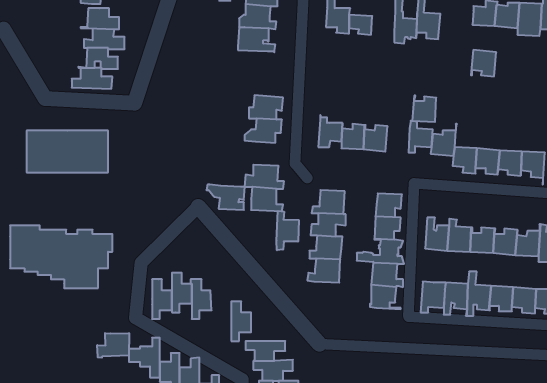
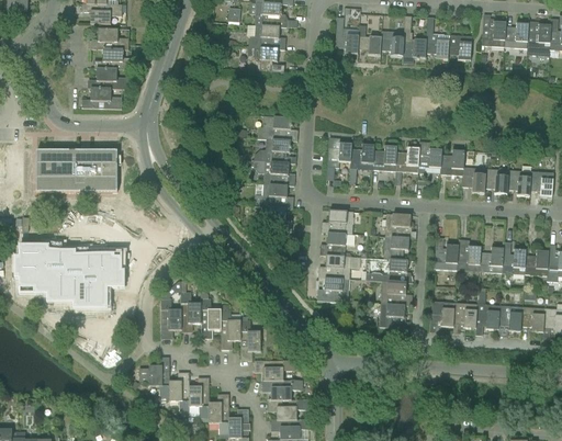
building: none -> [380,30,404,56]
building: [471,50,496,76] -> [447,34,472,60]
building: [412,96,436,122] -> [394,146,418,172]
building: [206,185,245,210] -> [250,160,289,185]
building: [277,211,299,250] -> none
building: none -> [220,309,240,349]
building: [97,333,129,358] -> none

